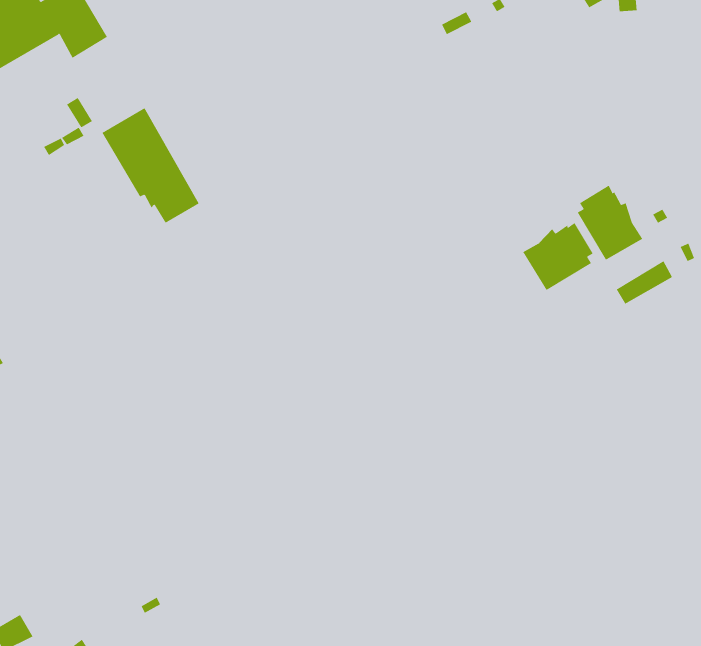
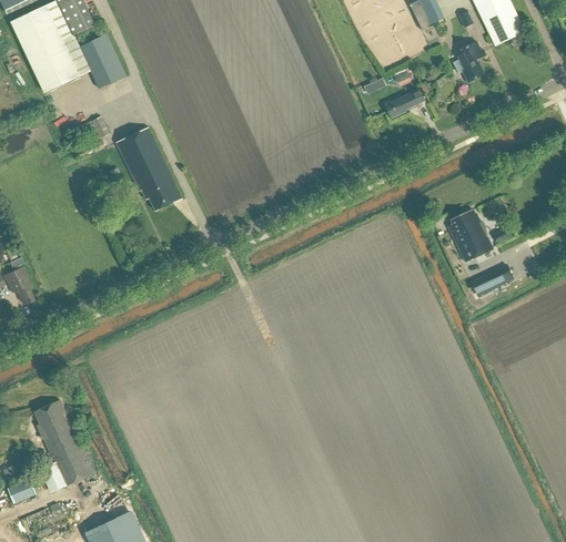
building: none -> [383,86,424,117]
building: [522,222,594,291] -> none
building: none -> [33,398,94,491]

